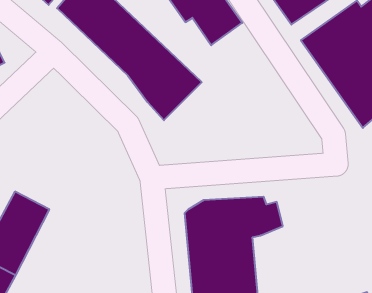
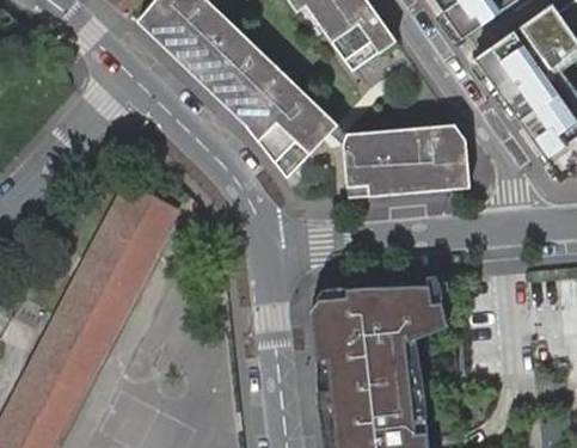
building: none -> [339,123,468,195]
building: none -> [80,182,177,299]

